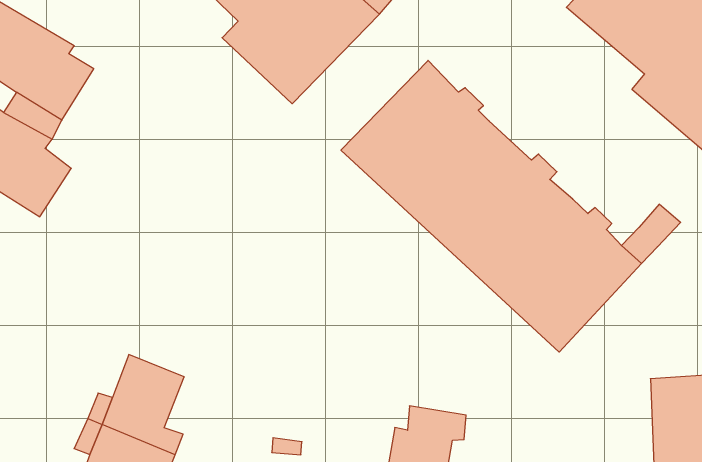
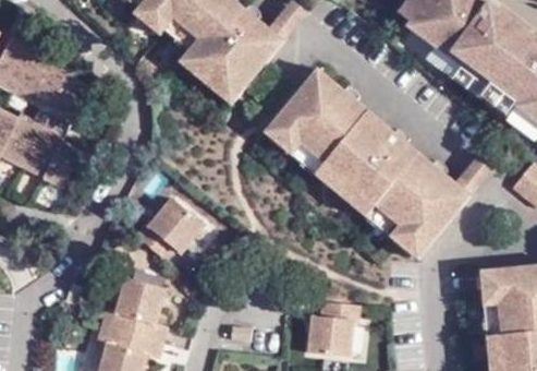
building: none -> [138,201,206,261]

